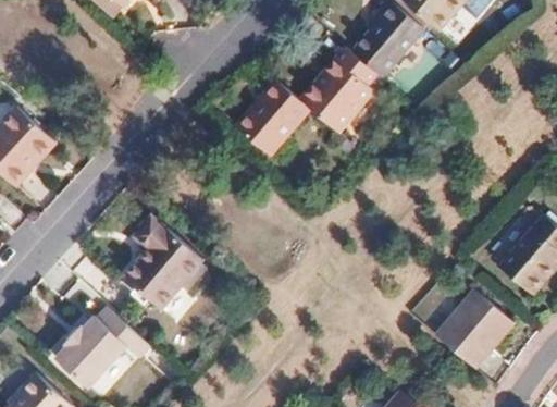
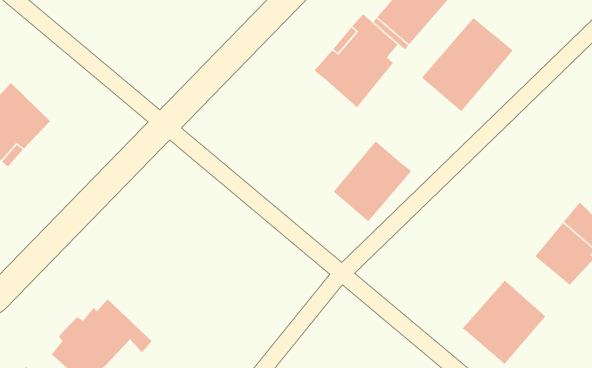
building: none -> [421,17,513,112]
building: [235,78,308,153] -> [333,141,412,222]
building: [125,217,202,310] -> none

